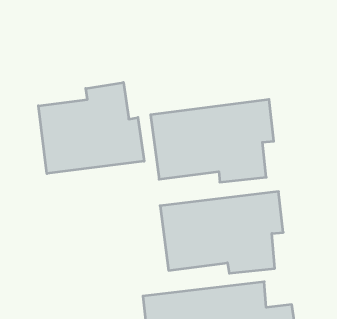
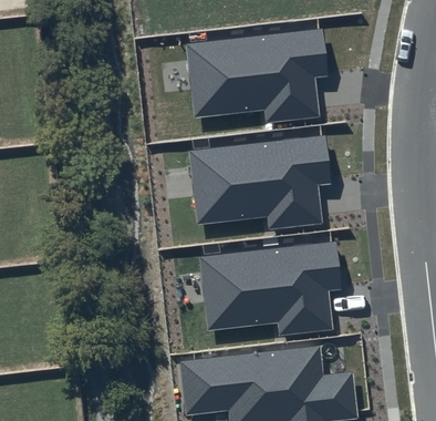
building: none -> [184,27,328,123]
building: [38,82,144,174] -> none

